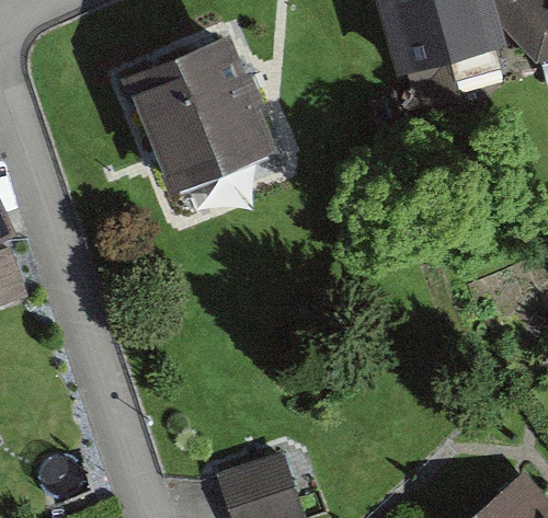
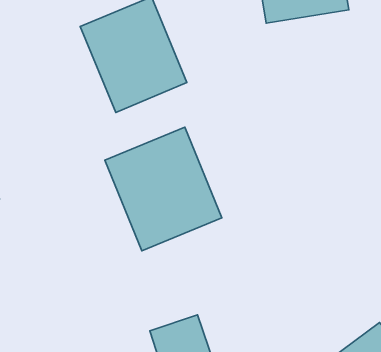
building: none -> [105,127,222,251]

